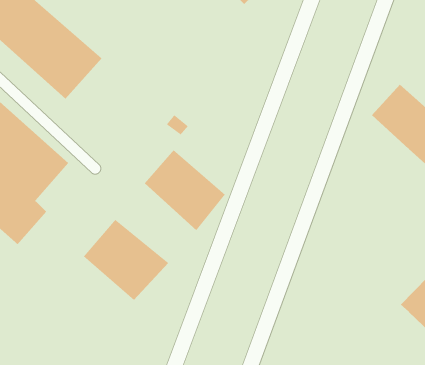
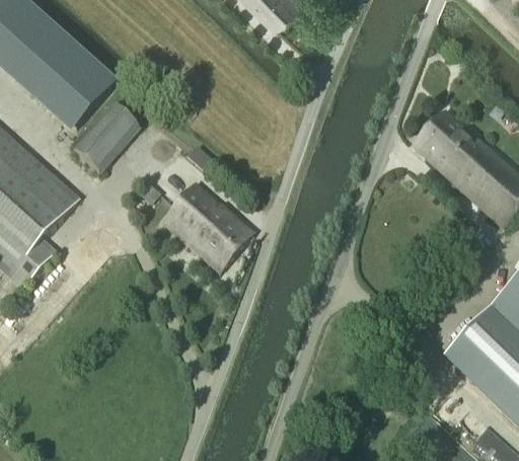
building: none -> [71,101,139,171]
building: [83,219,169,301] -> none

